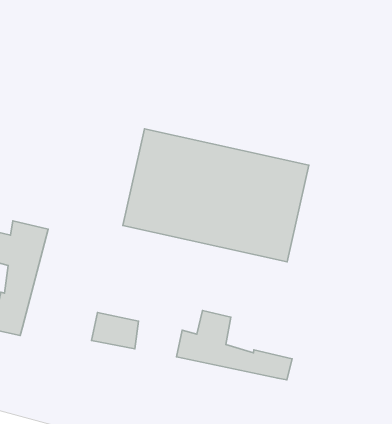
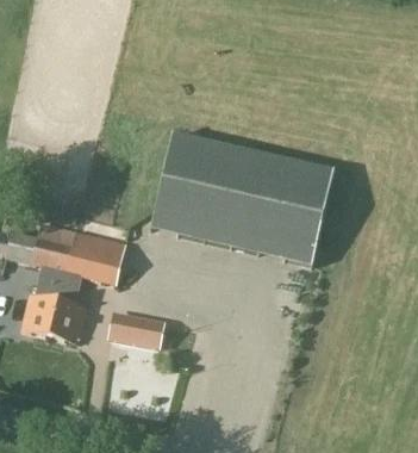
building: none -> [49,231,126,343]
building: [176,310,292,380] -> none

